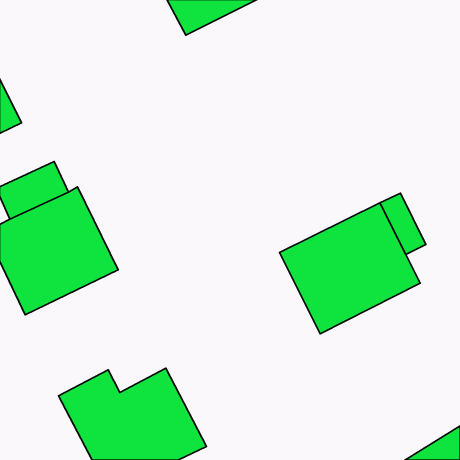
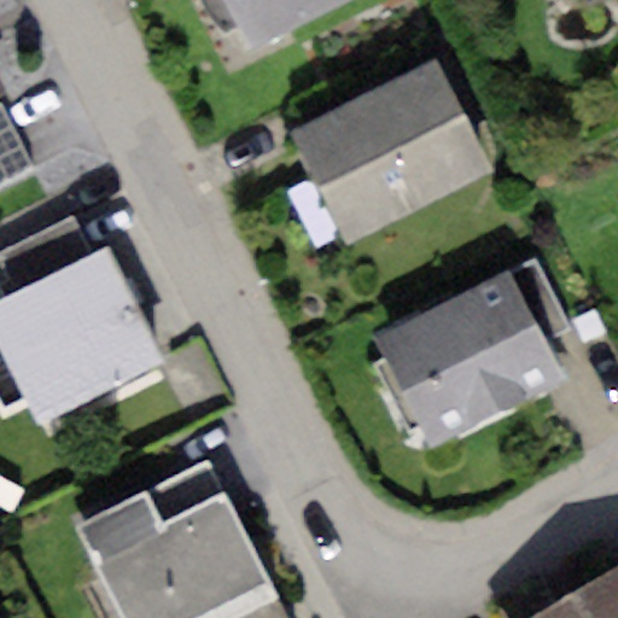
building: none -> [291,62,489,241]

